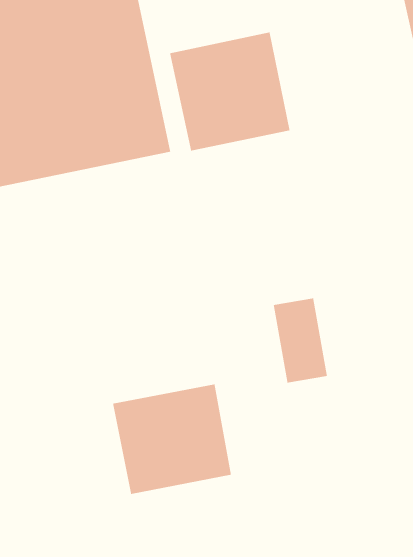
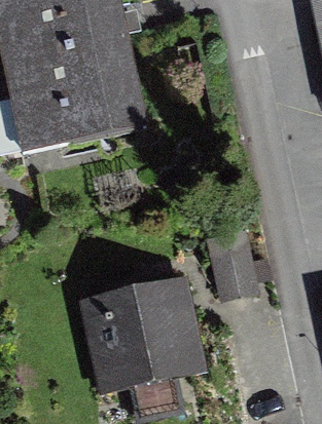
building: [169,32,290,152] -> none

